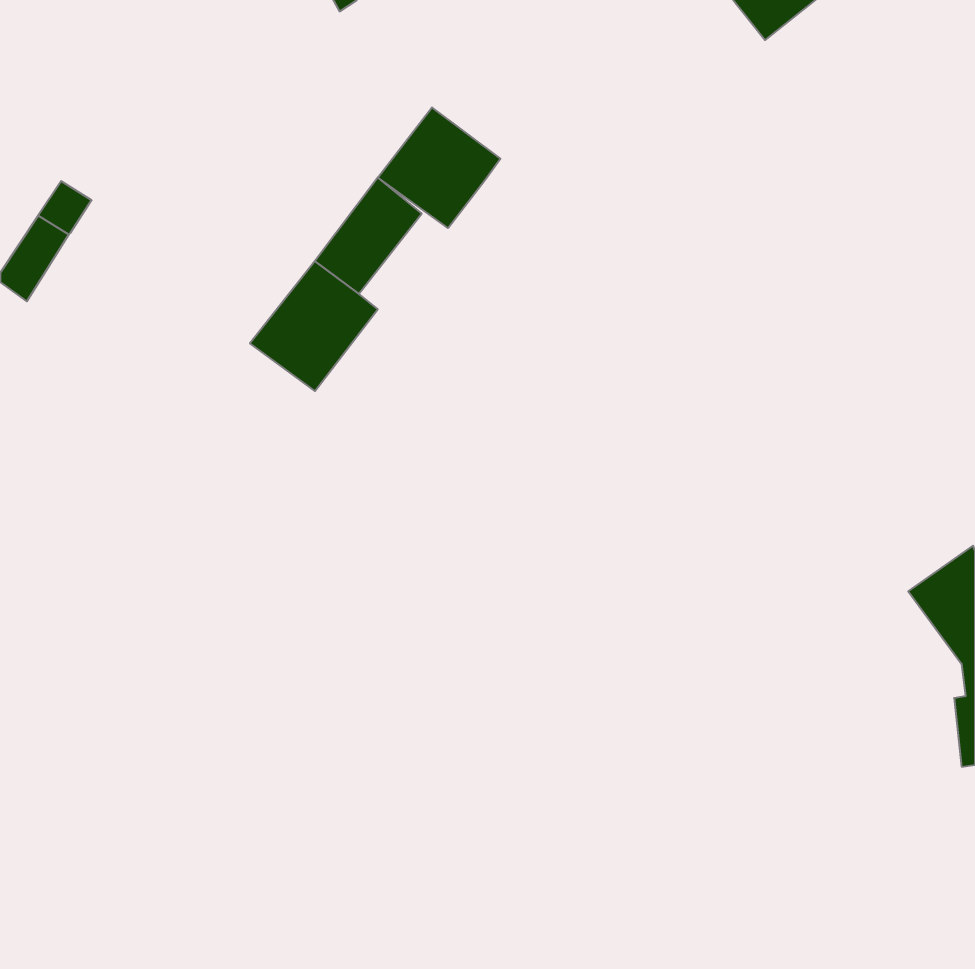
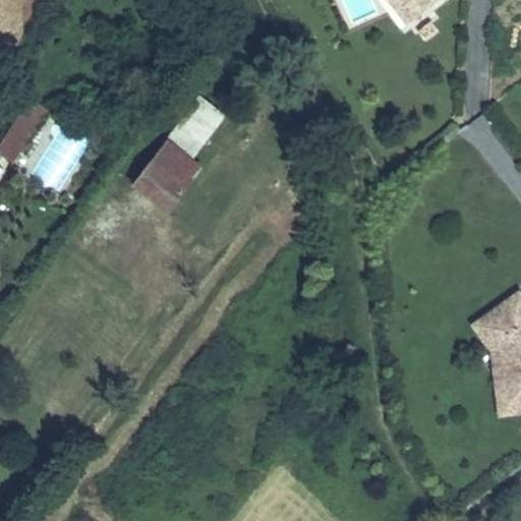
building: [378,107,500,228] -> none
building: none -> [475,315,515,411]

